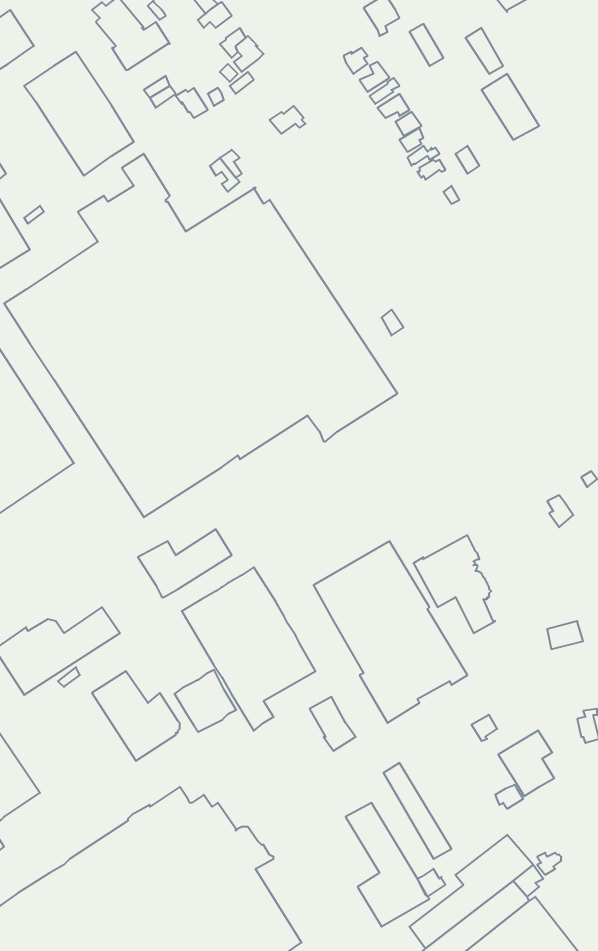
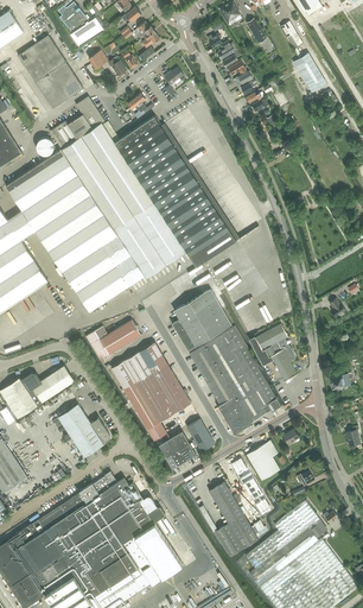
building: none -> [172,290,231,350]
building: [174,670,236,732] -> [159,431,196,468]
building: [498,730,554,796] -> [247,441,280,480]

